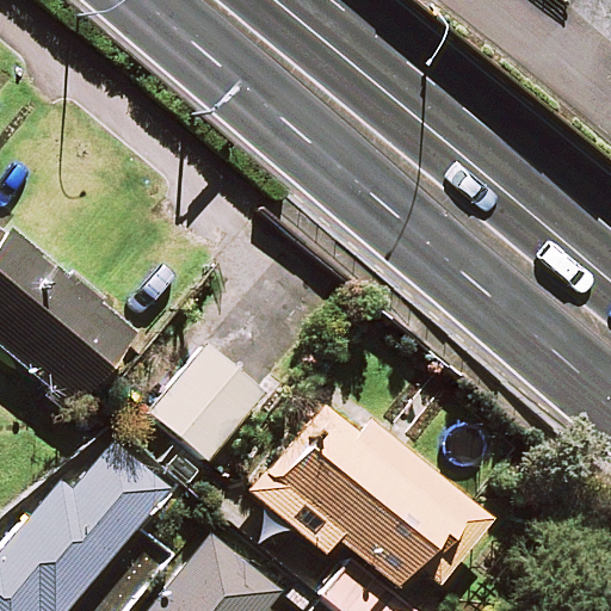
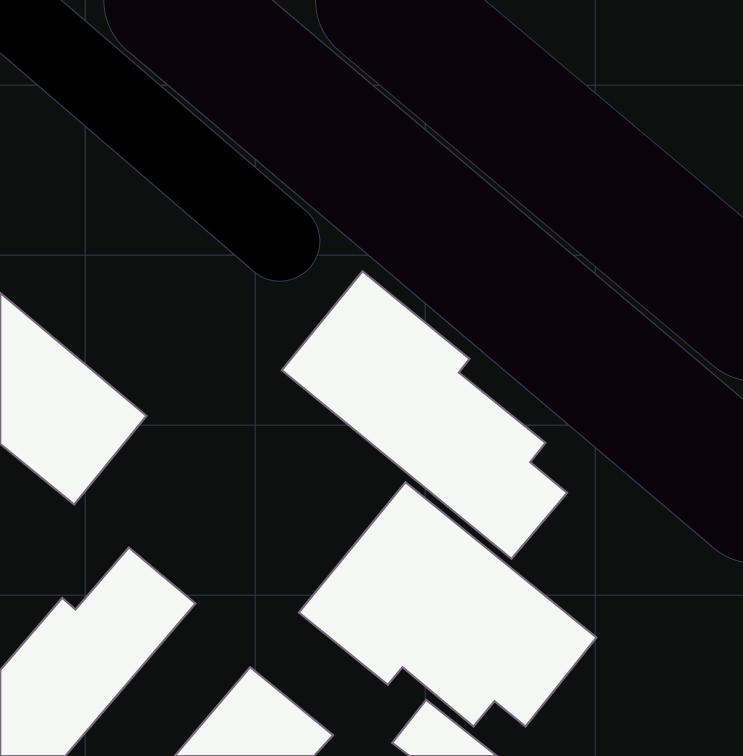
building: none -> [282,271,567,559]
building: [152,347,263,461] -> none

